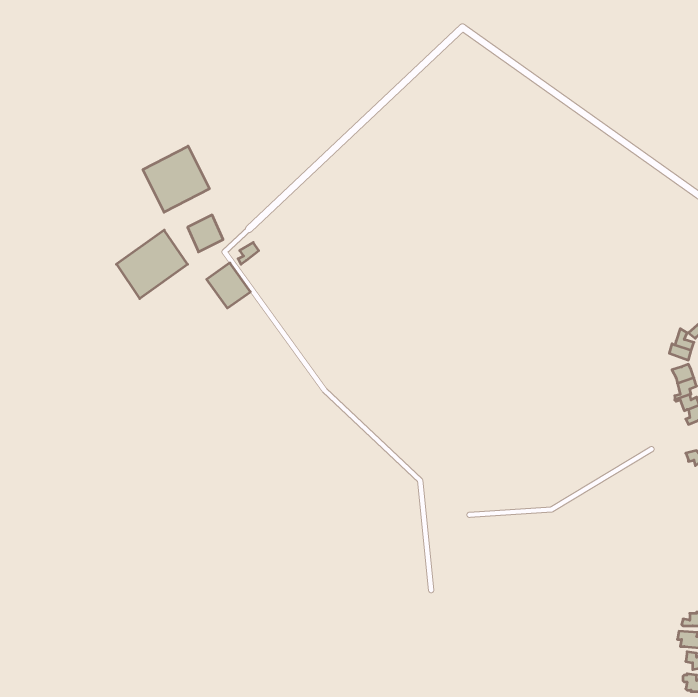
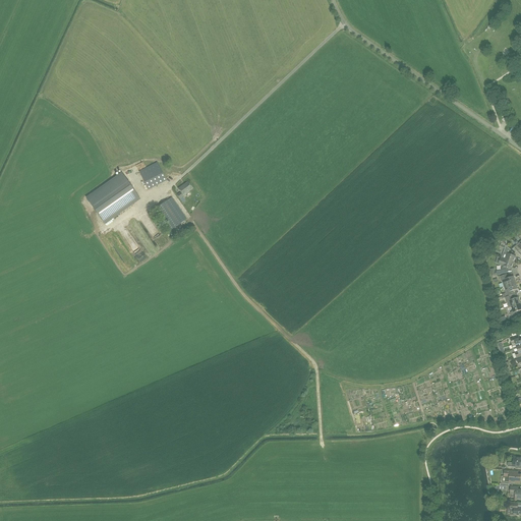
building: [143,146,209,212] -> none

